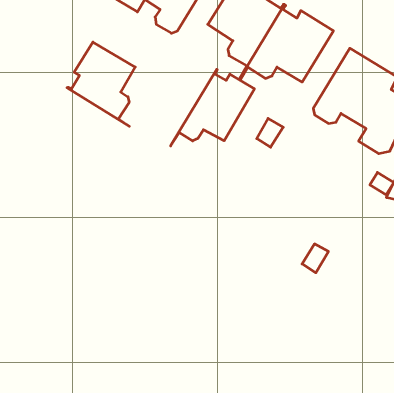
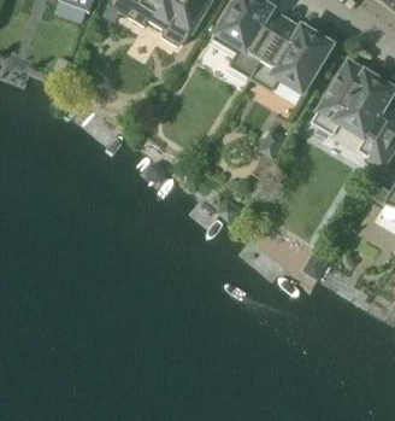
building: [67,42,135,126] -> none
building: [171,69,254,146] -> none

